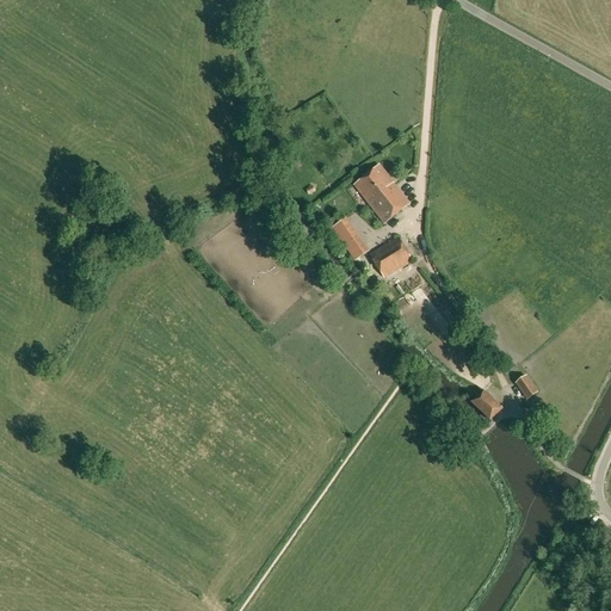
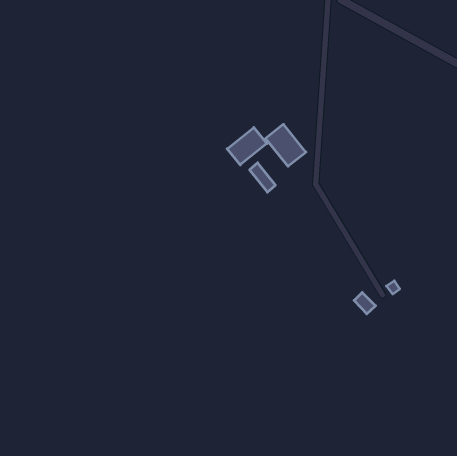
building: none -> [227,127,267,165]
building: [372,237,411,276] -> none

